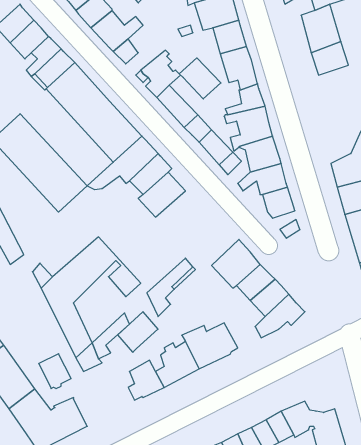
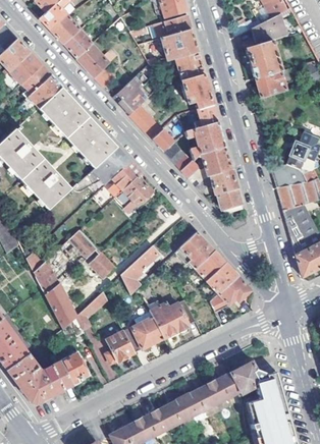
building: [179,58,221,99] -> none
building: [118,312,158,352] -> none
building: [39,354,71,389] -> [61,354,88,383]

